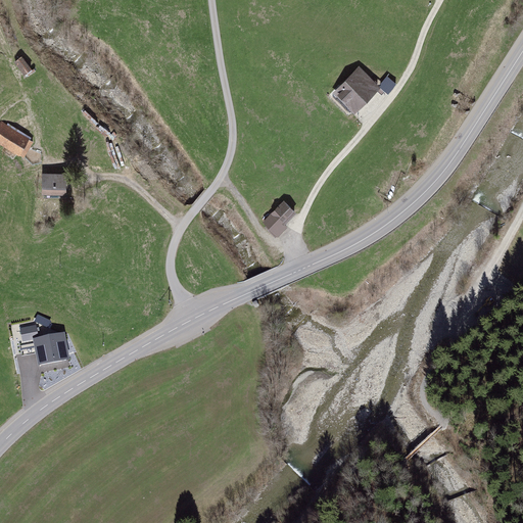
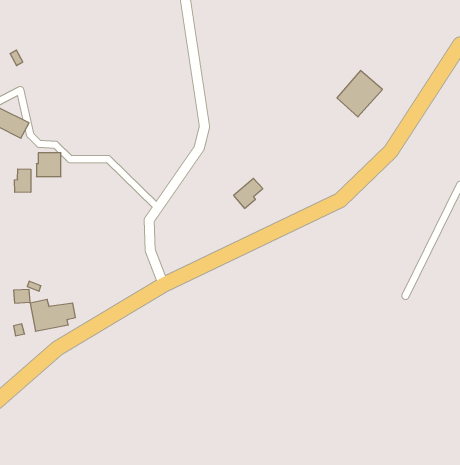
building: [330,64,381,116] -> [337,70,382,117]
building: none -> [14,169,31,192]

